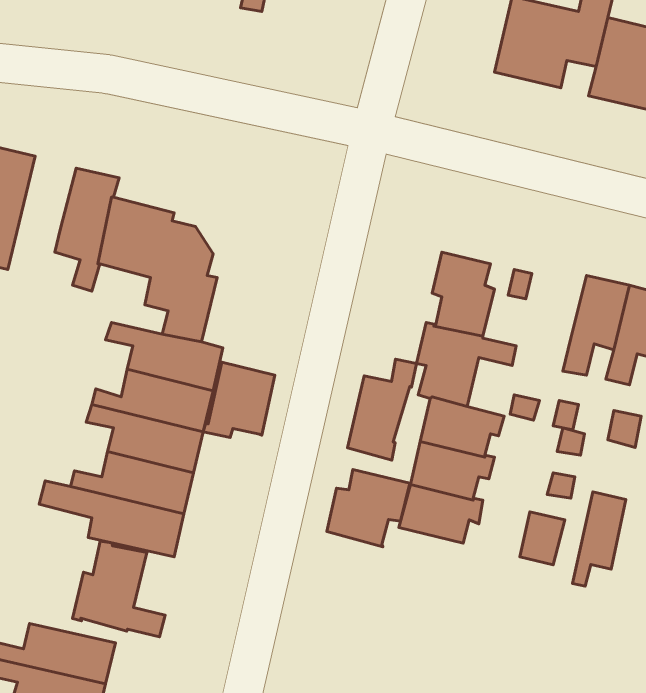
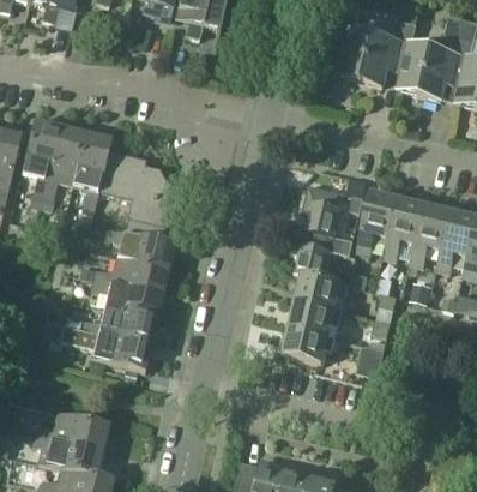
building: none -> [43,125,85,197]
building: none -> [357,192,398,252]
building: [347,359,416,460] -> none
building: [203,362,275,438] -> none
building: [327,470,410,547] -> none
building: [573,492,626,586] -> none
building: [72,541,165,637] -> none

